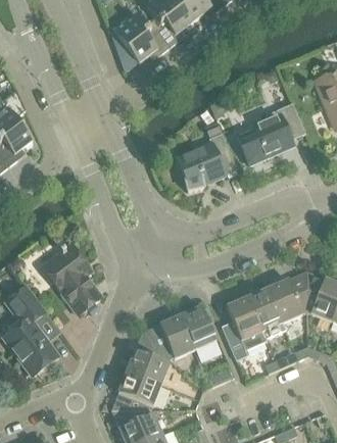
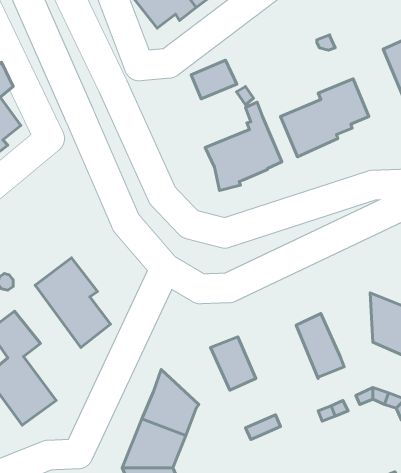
building: none -> [191,60,237,99]
building: [267,273,307,323] -> none
building: [226,298,266,351] -> none
building: [141,315,195,360] -> none

